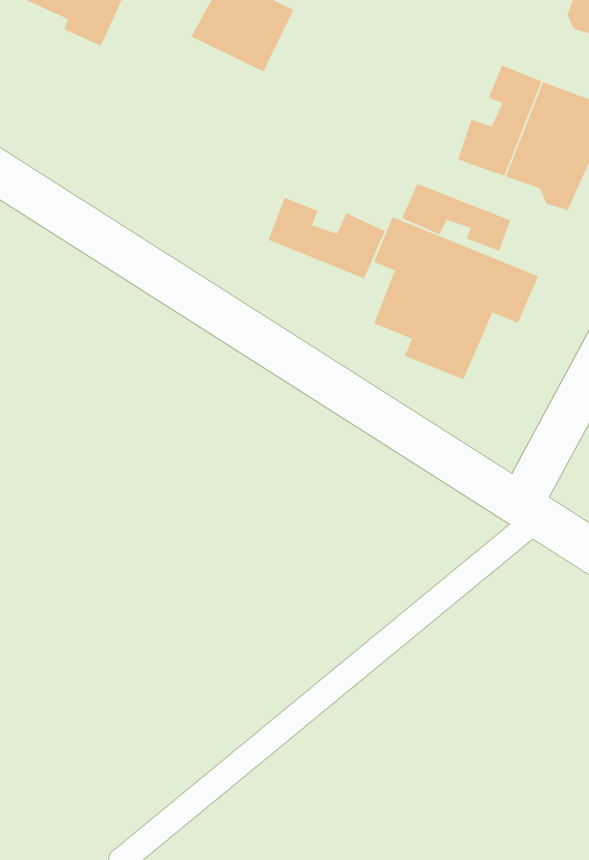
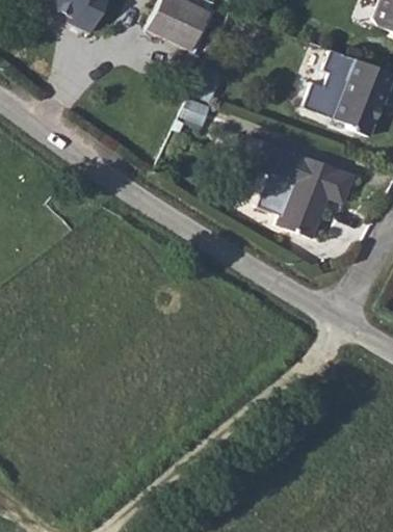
building: [401,183,511,252] -> none
building: [267,197,386,280] -> none

